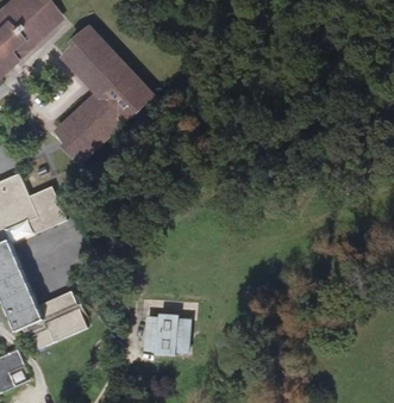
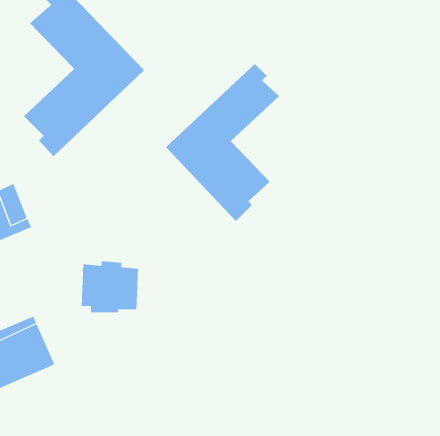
building: none -> [165,63,280,222]
building: [140,315,186,355] -> [81,261,139,313]

